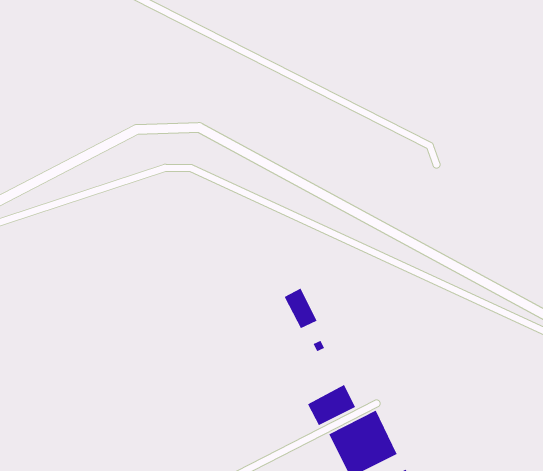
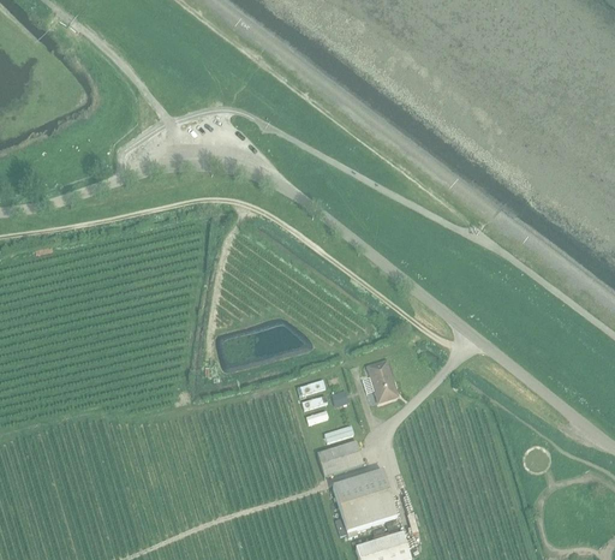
building: [284,288,318,329] -> [366,358,395,398]

